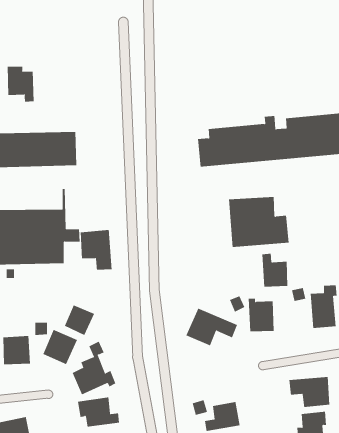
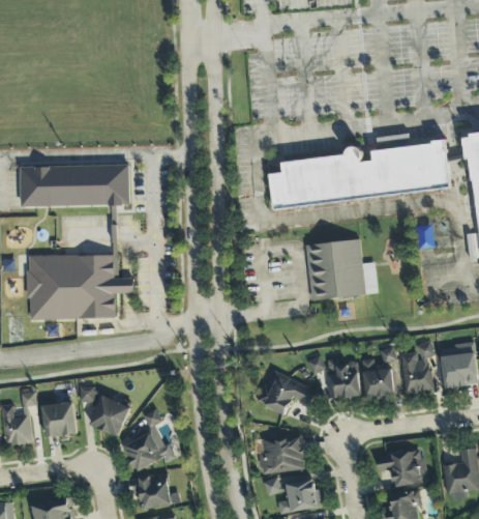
building: [7,66,34,103] -> none
building: [80,229,112,270] -> none
building: [262,253,288,287] -> [362,358,393,398]
building: [64,304,95,336] -> none
building: none -> [259,435,303,472]

